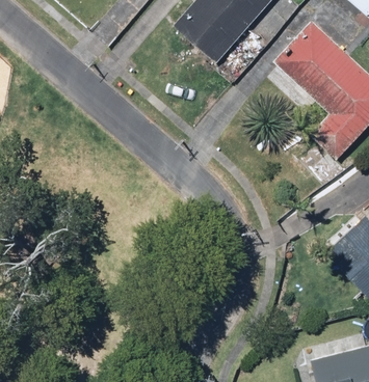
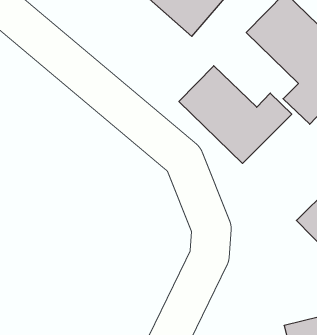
building: none -> [179,66,292,163]

